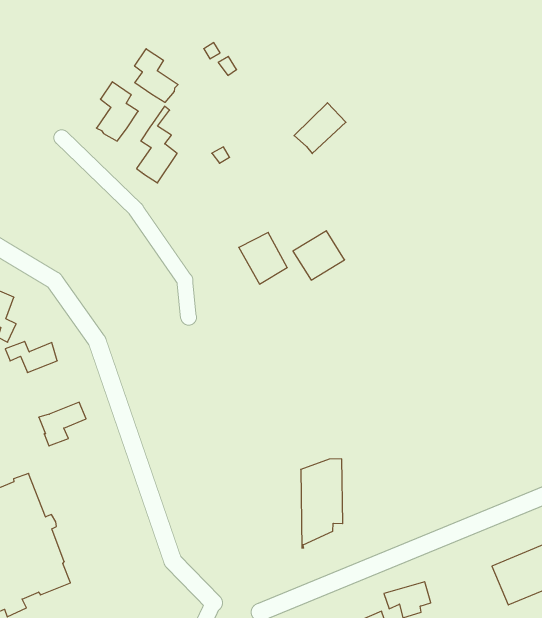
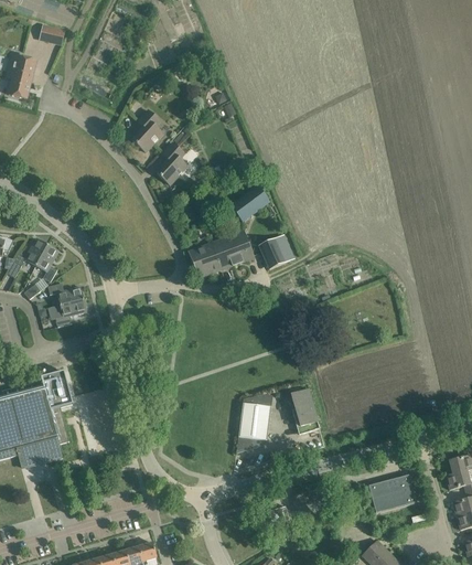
building: [135,49,178,102] -> none
building: [294,103,346,154] -> [232,185,269,220]
building: none -> [187,237,232,278]
building: [39,402,86,446] -> [53,299,86,327]
building: none -> [291,390,319,434]

